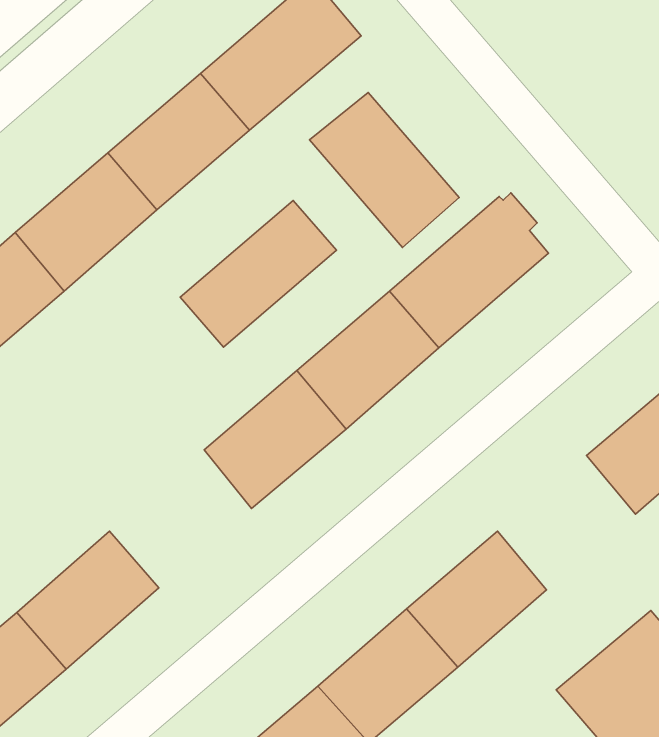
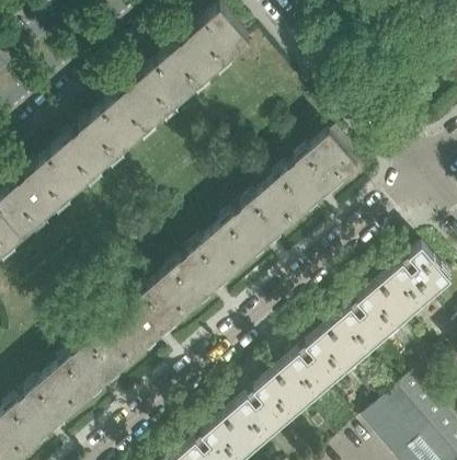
building: [310,93,459,248] -> none
building: [180,200,337,347] -> none
building: none -> [104,280,186,360]
building: none -> [329,284,409,361]

